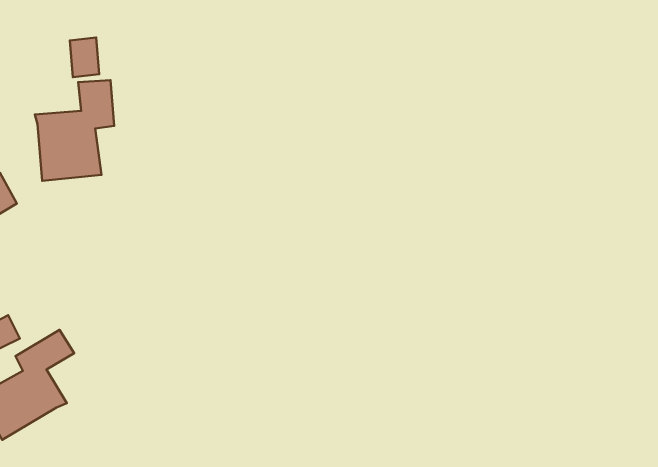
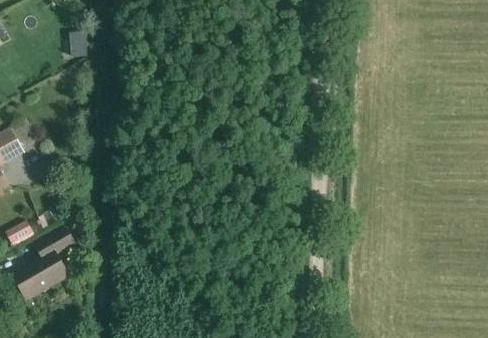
building: [35,80,114,181] -> none

